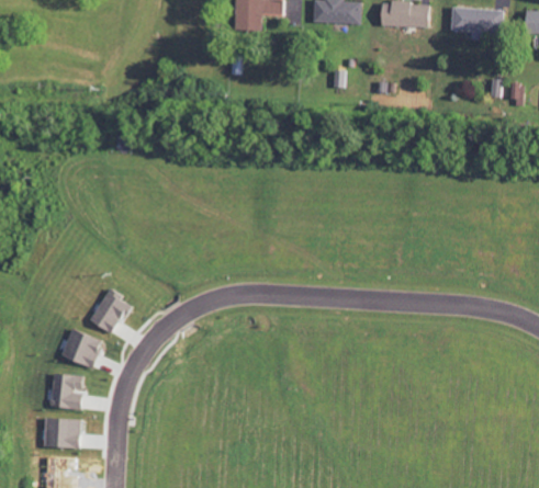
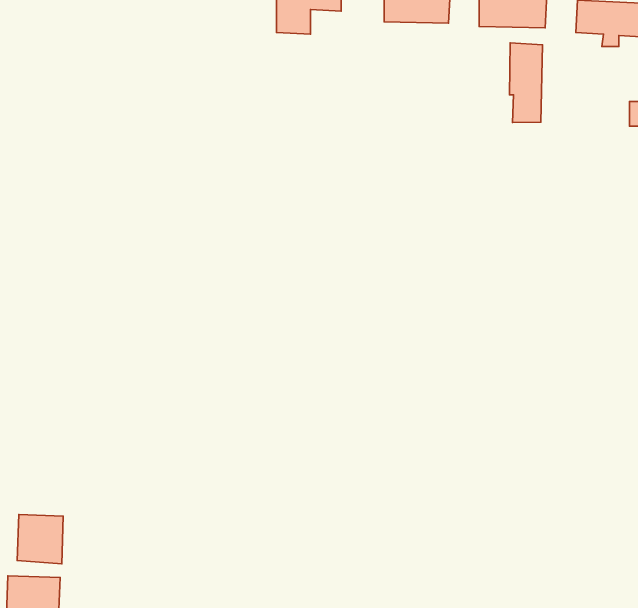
building: none -> [509,43,543,123]
building: [91,290,132,334] -> none
building: [63,329,104,367] -> none

